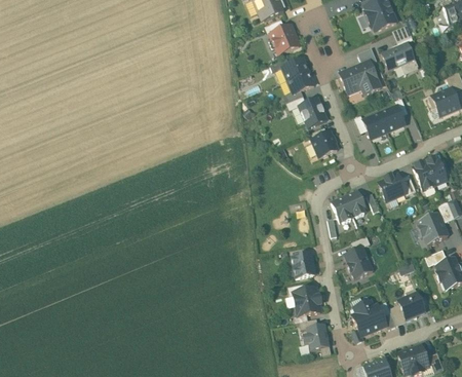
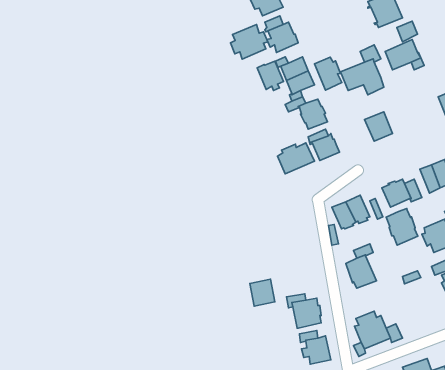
building: none -> [231,24,268,59]
building: none -> [315,57,342,90]
building: none -> [257,61,284,91]
building: [380,103,406,130] -> none
building: none -> [277,143,314,174]
building: none -> [386,208,418,245]
building: [292,252,315,277] -> [250,279,275,306]
building: [397,291,425,319] -> none

